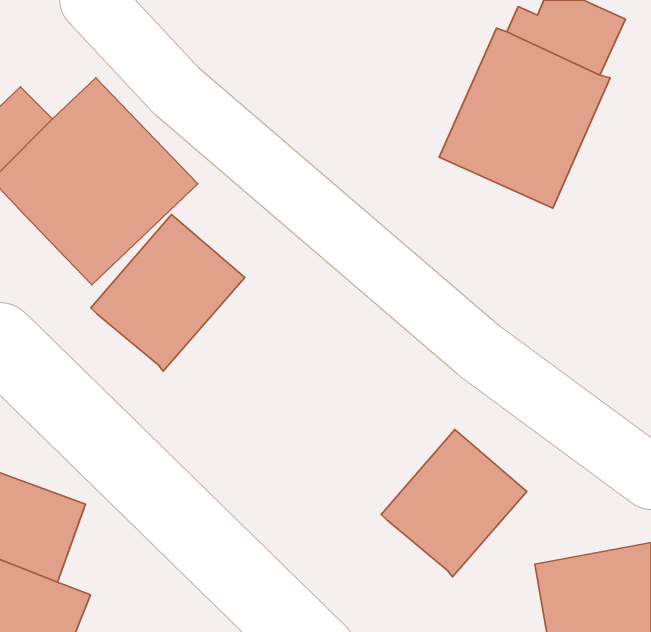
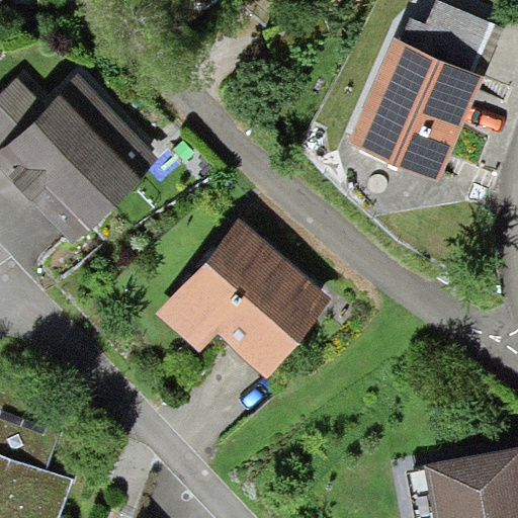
building: [91,215,245,371] -> none
building: none -> [155,223,330,375]
building: [381,430,527,577] -> none

